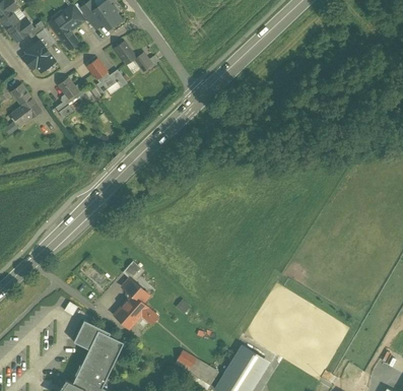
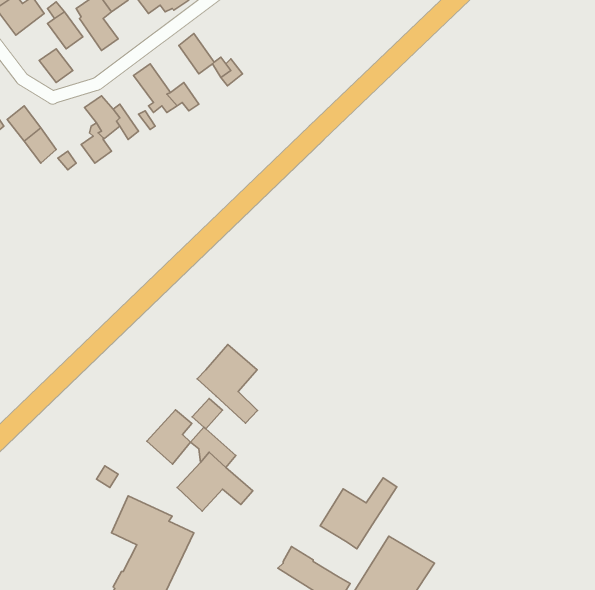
building: none -> [197,344,257,423]
building: none -> [147,410,192,464]
building: none -> [320,478,397,549]

